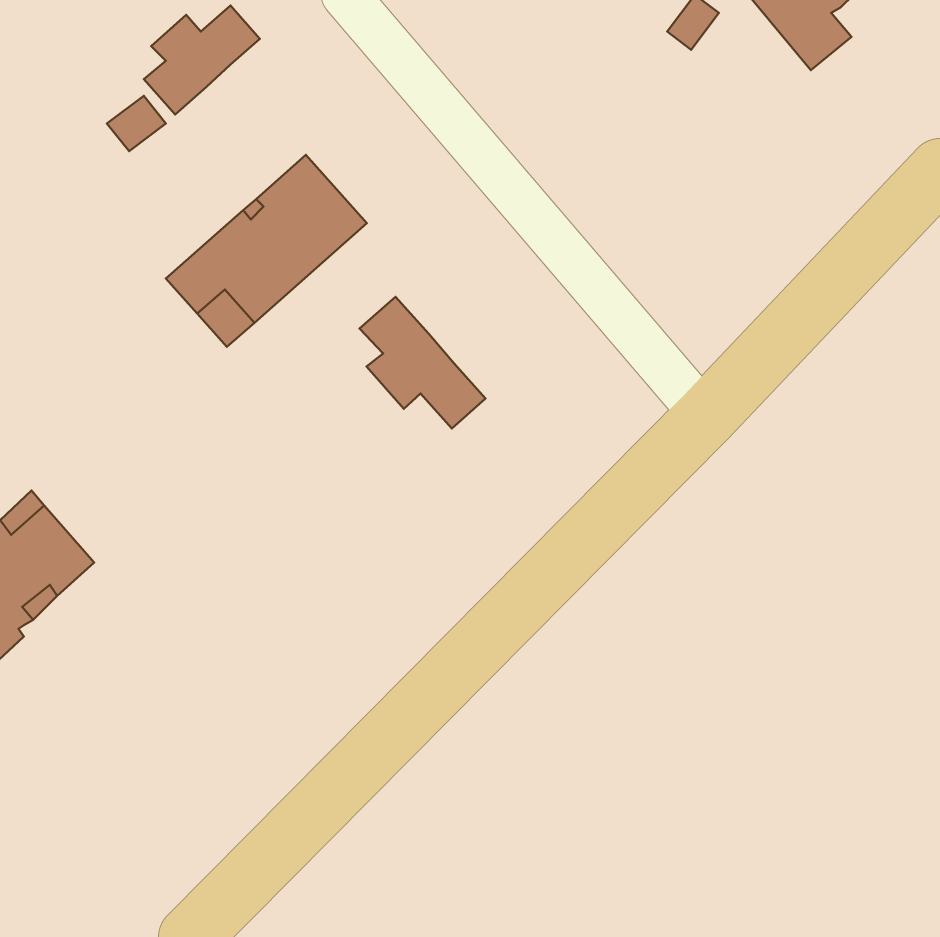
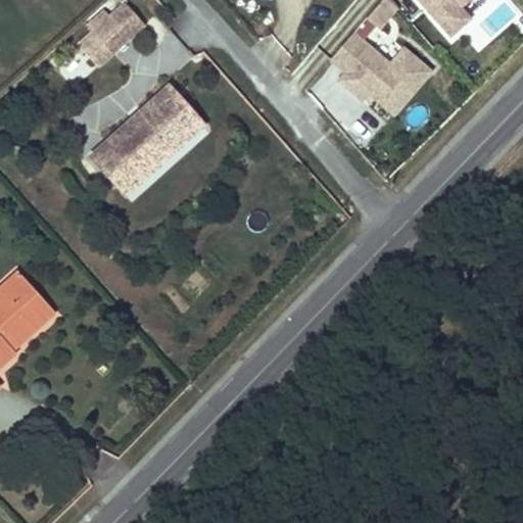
building: none -> [333,34,433,118]
building: [360,297,486,428] -> none

